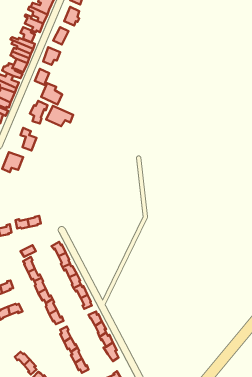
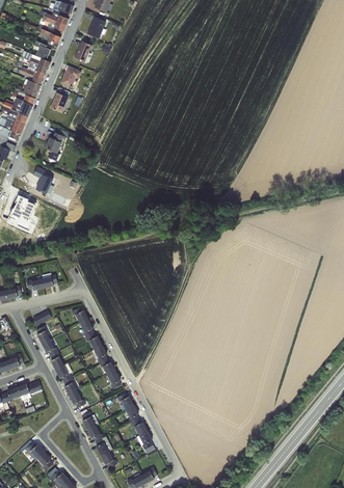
building: [41,83,62,105] -> none
building: [46,106,73,126] -> none

